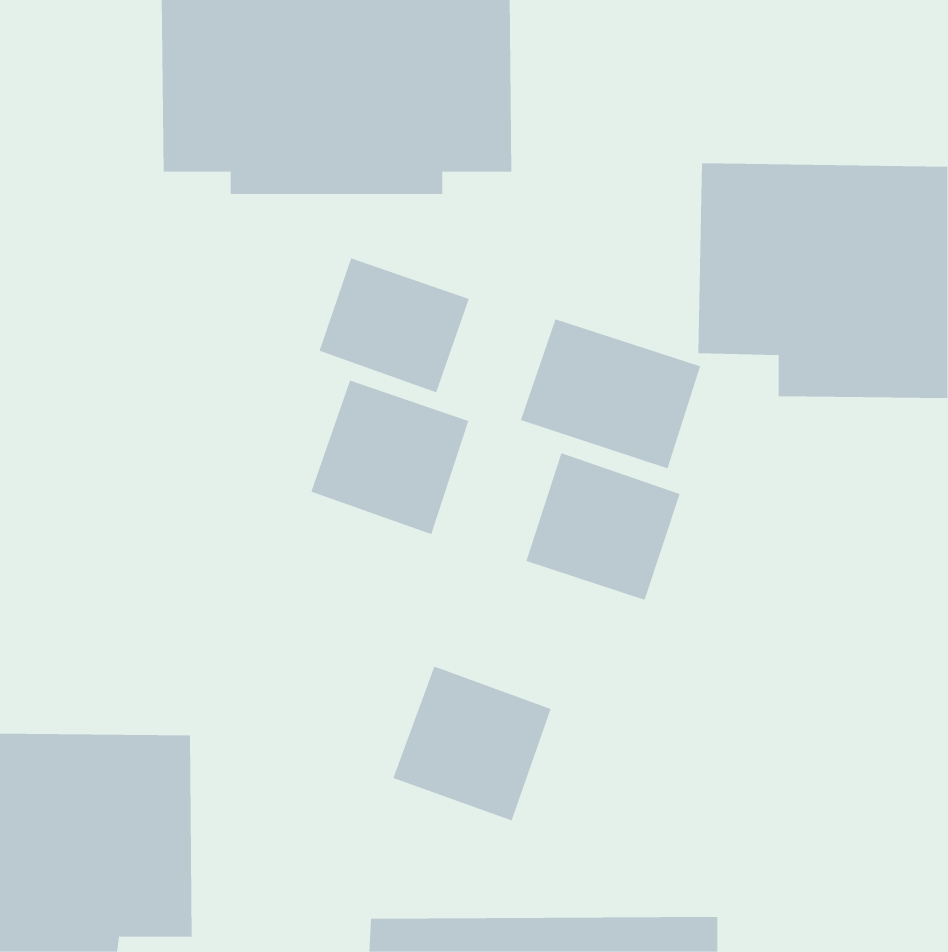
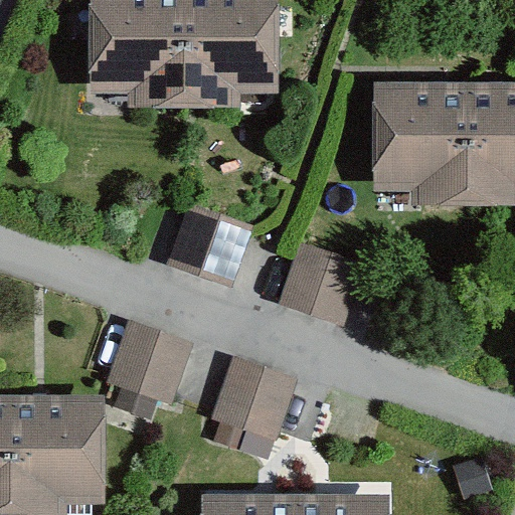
building: [319,258,470,393] -> none
building: [520,318,701,469] -> none
building: none -> [106,320,193,405]

